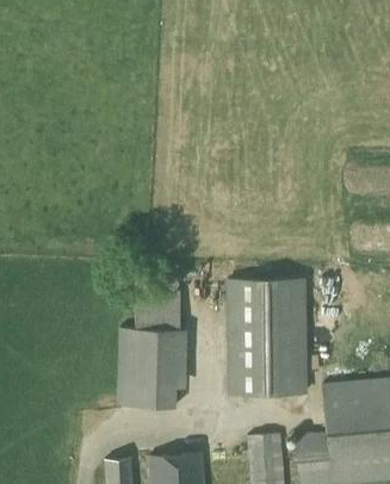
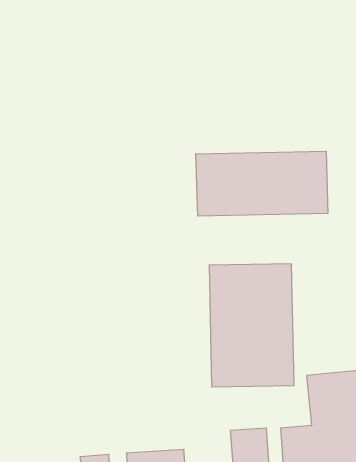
building: none -> [196,151,328,216]
building: [117,288,187,407] -> none

